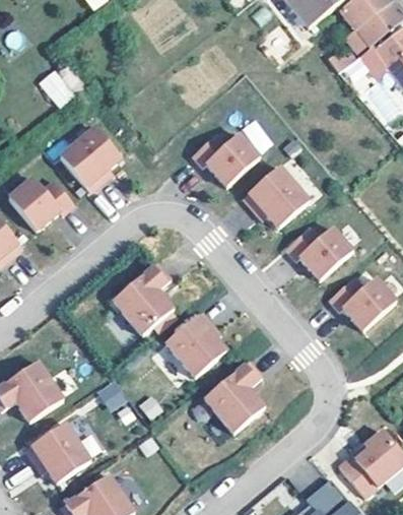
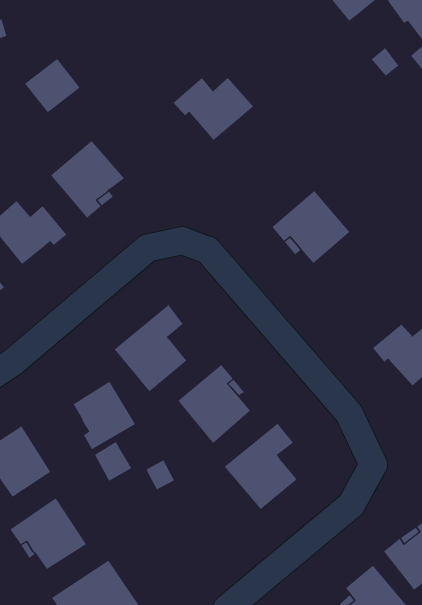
building: [191,132,258,185] -> [173,77,254,141]
building: [286,227,352,279] -> none
building: none -> [73,381,136,450]

